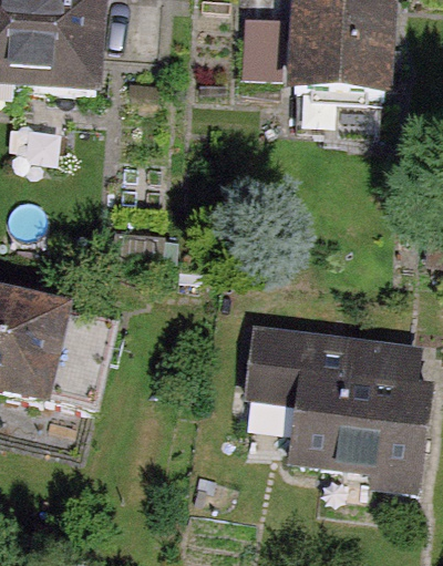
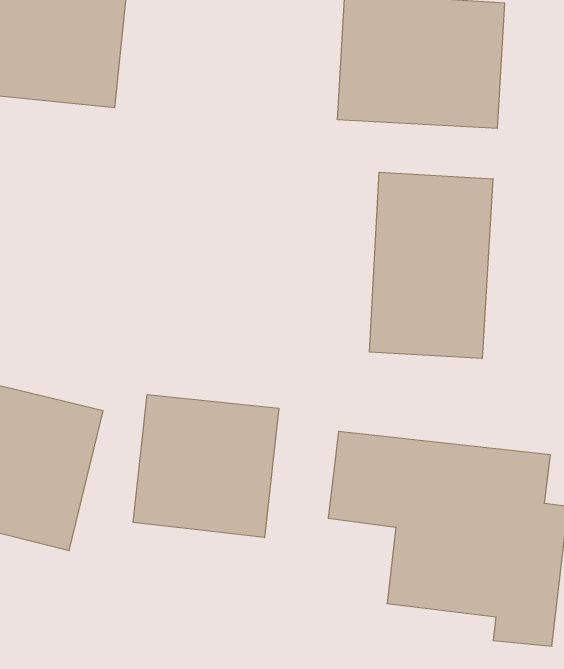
building: none -> [370,172,493,359]
building: none -> [133,395,279,538]

